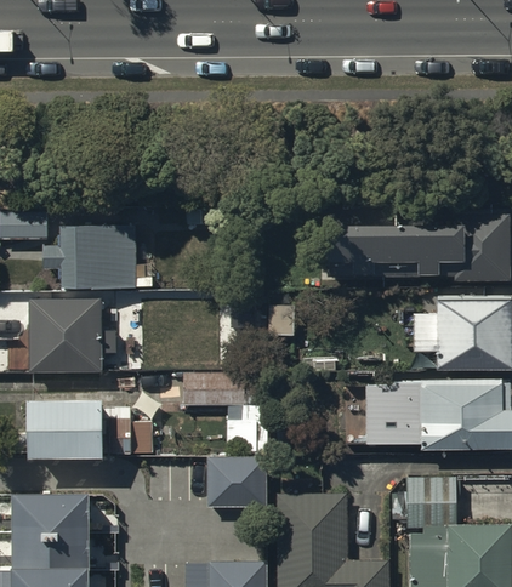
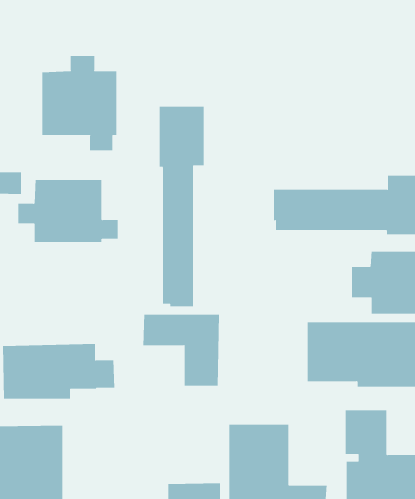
building: none -> [42,55,117,151]
building: none -> [159,106,204,307]
building: [29,301,114,375] -> none
building: [209,456,266,503] -> none

